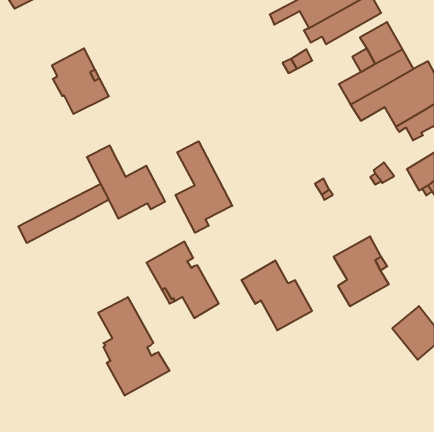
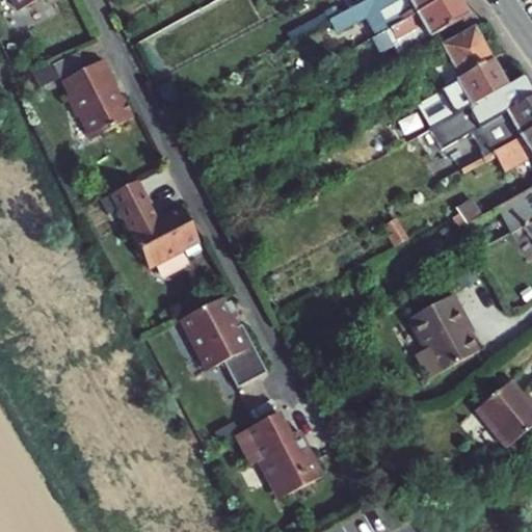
building: [176,141,232,233] -> none
building: [19,184,109,243] -> none
building: [241,260,312,330] -> [240,415,326,500]
building: [98,297,169,396] -> none

